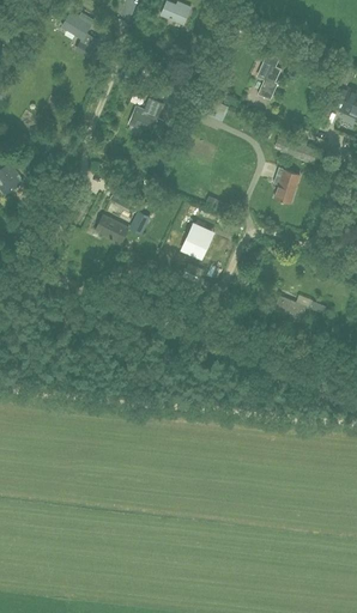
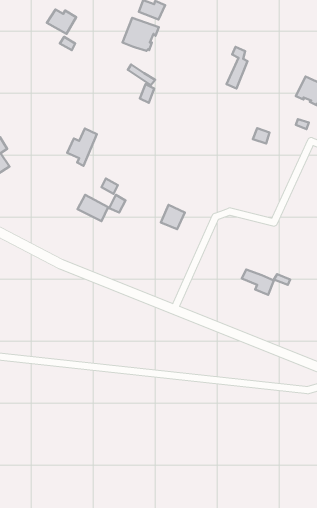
building: none -> [123,18,159,51]
building: [129,97,162,138] -> [67,129,97,166]
building: [273,169,299,202] -> none

